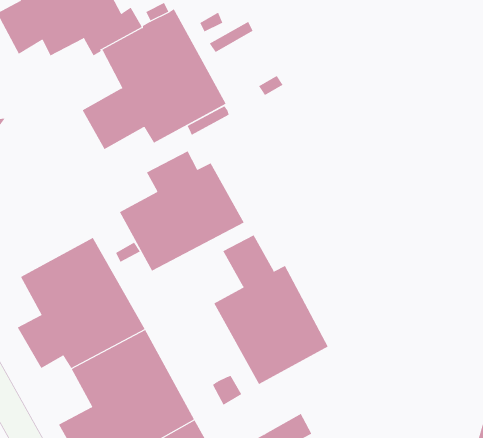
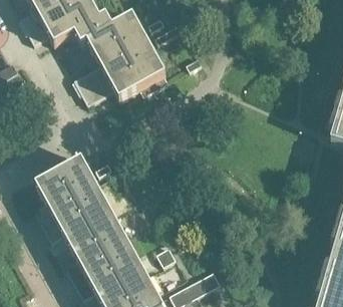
building: [119,150,244,272] -> none
building: [214,235,329,385] -> none

